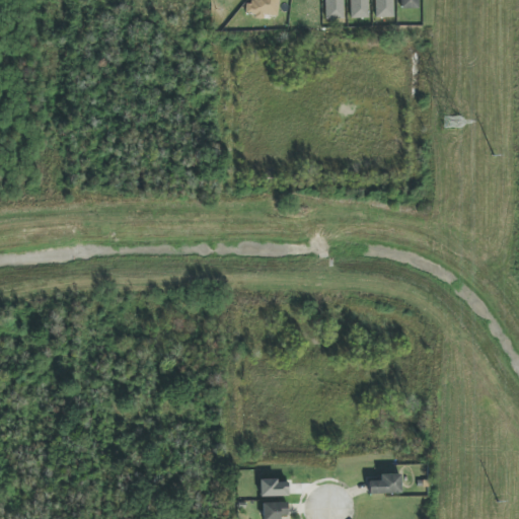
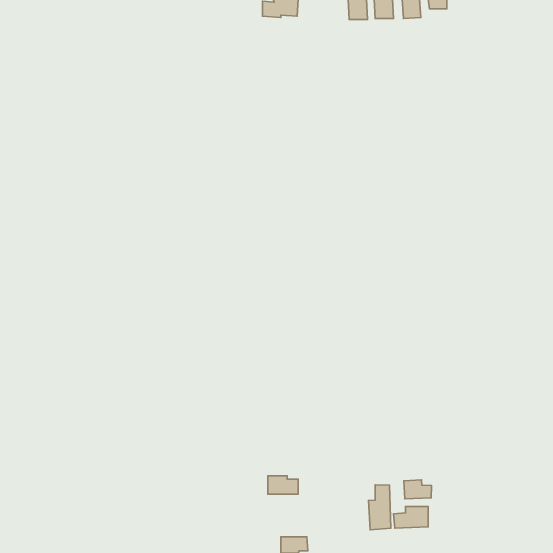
building: none -> [404,480,431,499]
building: none -> [369,485,391,530]
building: [261,478,289,496] -> [268,476,298,494]

